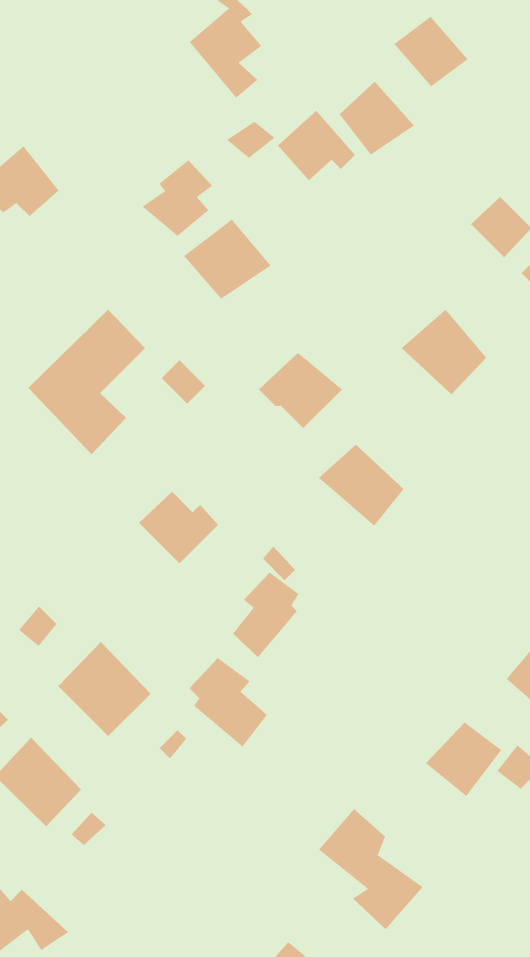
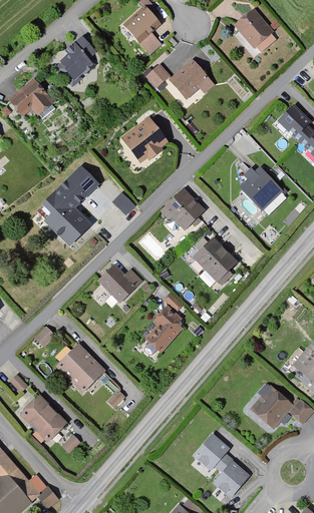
building: [339,81,415,156] -> none
building: [142,159,213,236] -> [58,36,96,77]
building: [189,657,267,747] -> none

